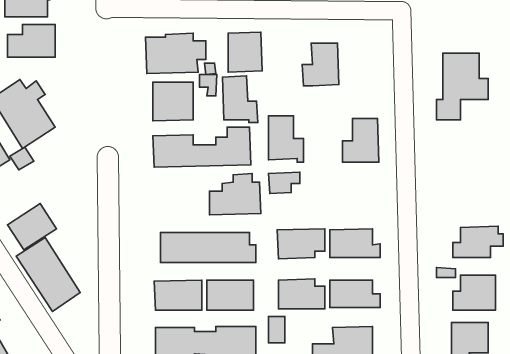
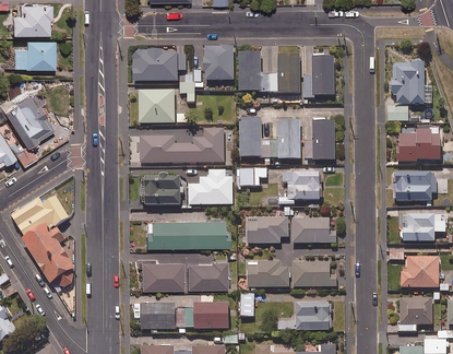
building: none -> [303,57,335,98]
building: [223,76,258,122] -> [240,52,271,93]
building: none -> [271,120,301,160]
building: none -> [397,126,439,163]
building: none -> [279,173,321,204]
building: none -> [393,173,436,206]
building: none -> [146,176,181,205]

